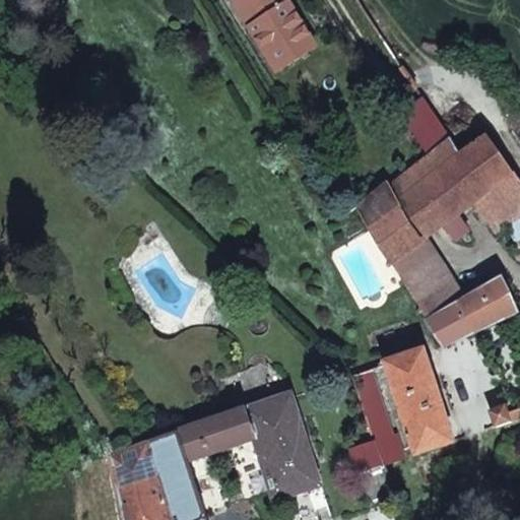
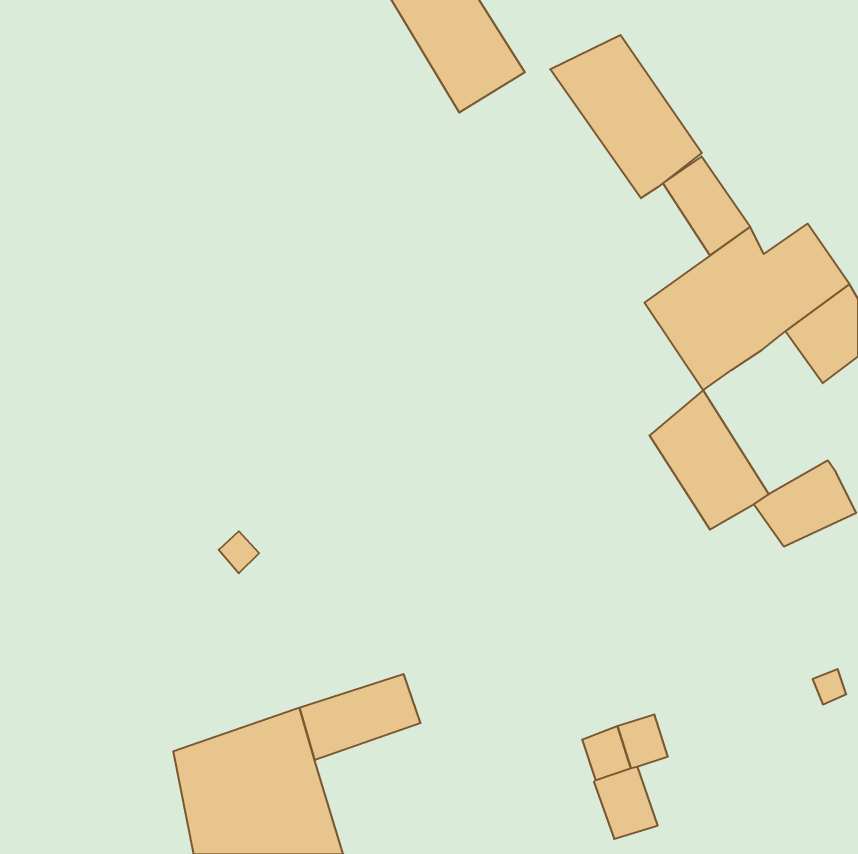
building: none -> [550,35,702,198]
building: [358,182,425,263] -> none
building: [429,305,473,343] -> none
building: [385,348,454,453] -> none
building: [351,367,392,439] -> none
building: [244,392,321,499] -> none

